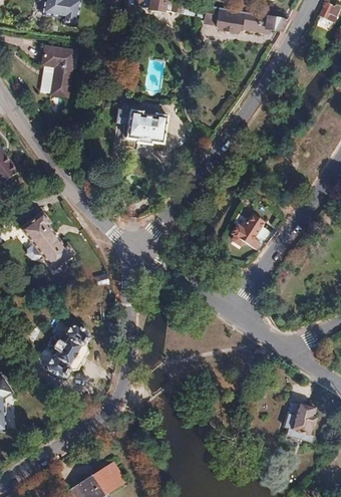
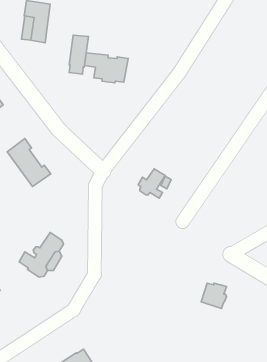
building: none -> [69,35,88,74]
building: [231,213,263,248] -> [138,169,165,198]
building: [285,404,315,434] -> [201,283,226,308]

